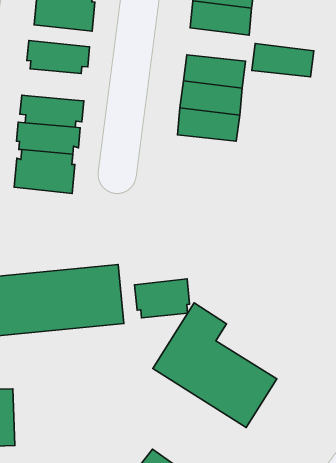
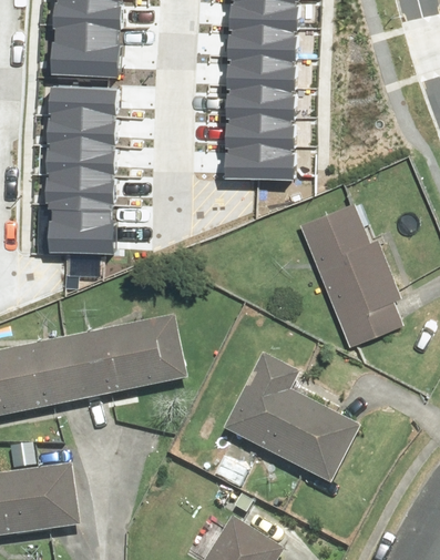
building: [252,44,314,77] -> [227,49,294,80]
building: none -> [52,109,120,140]
building: none -> [298,197,403,344]
building: [135,279,190,318] -> none

